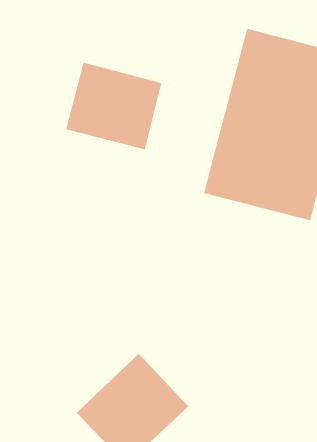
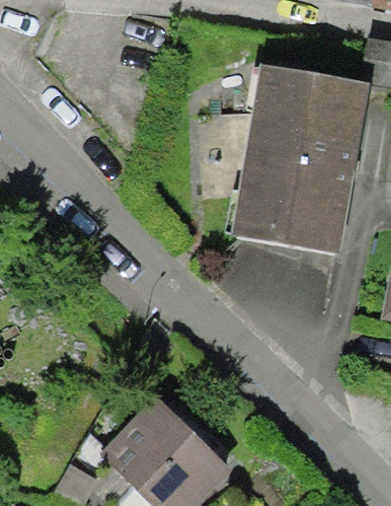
building: [65,62,162,150] -> none

